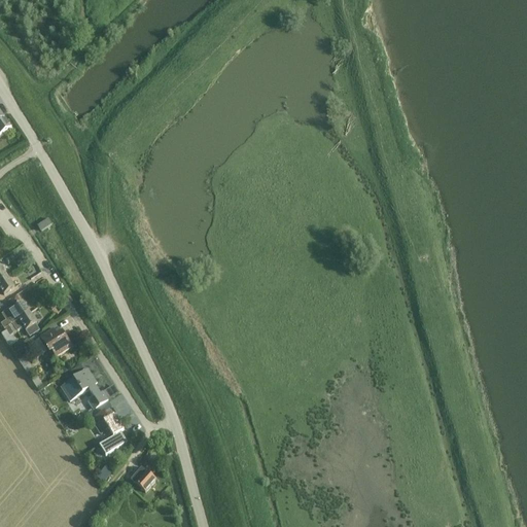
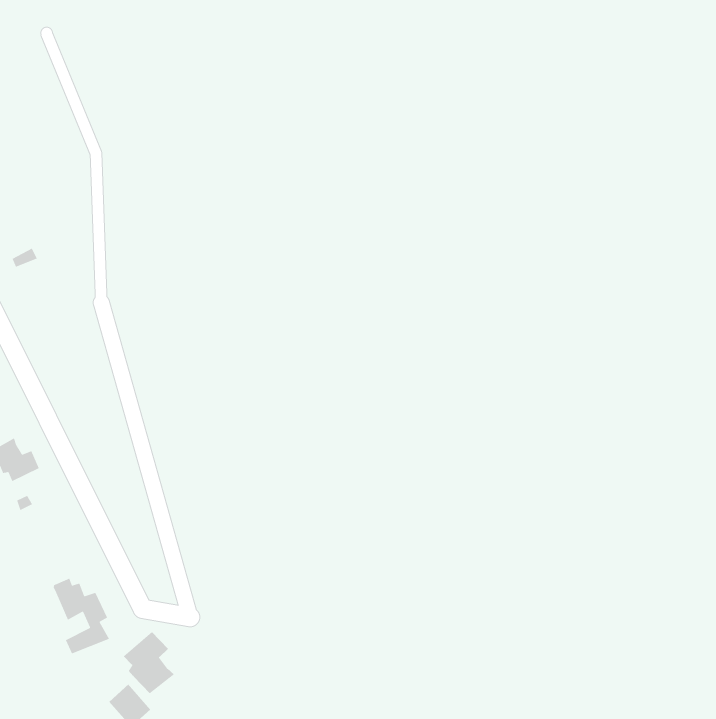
building: [60,367,107,407] -> none
building: none -> [123,631,175,694]

